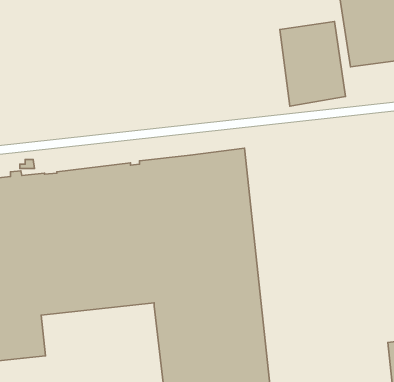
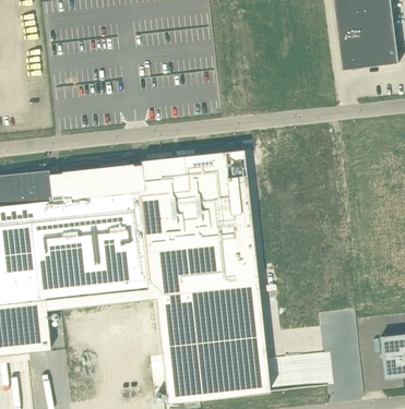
building: [280,22,345,106] -> none

